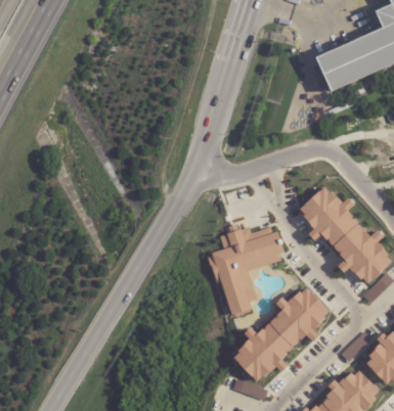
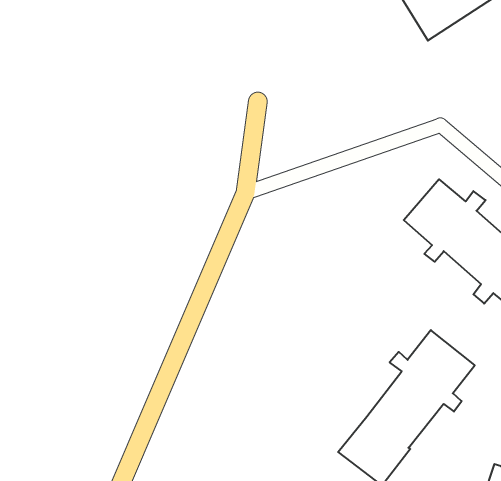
building: [208,223,282,316] -> none

